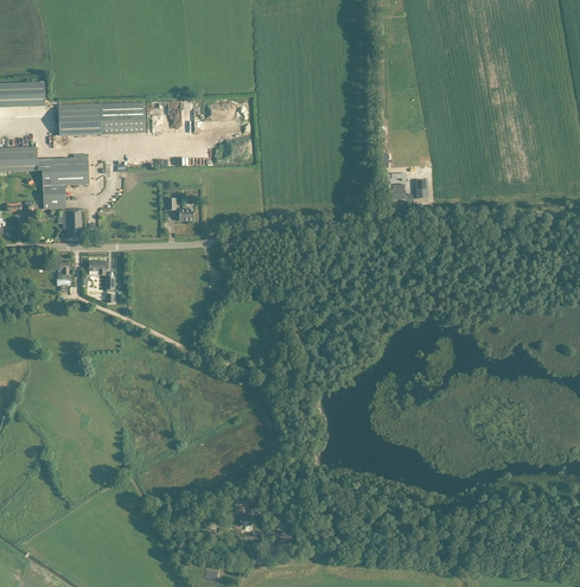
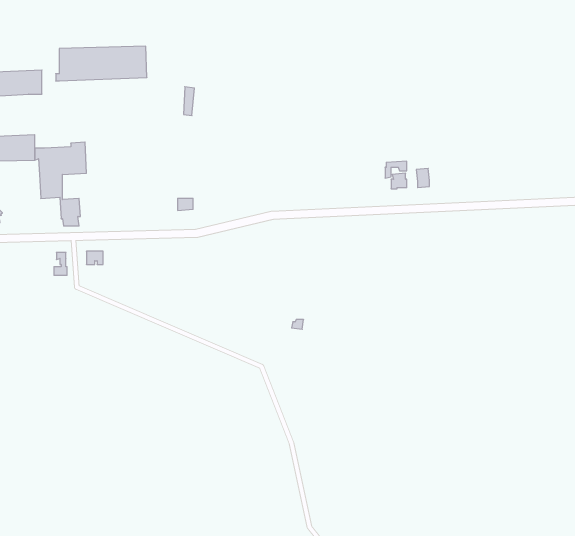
building: [55,101,145,135] -> [56,46,147,81]

